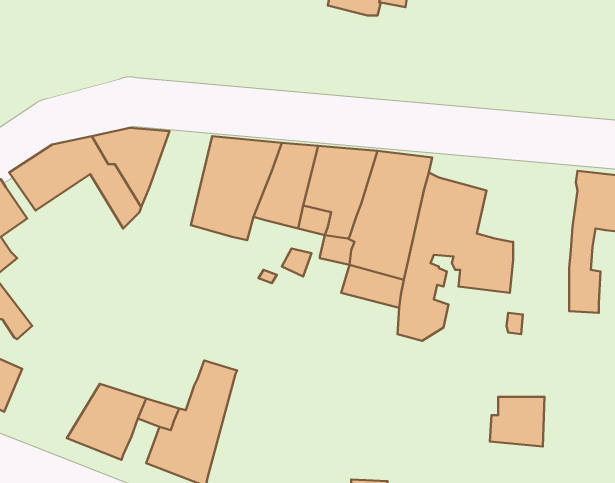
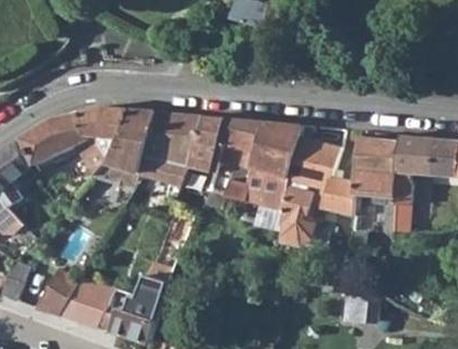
building: none -> [92,108,155,189]
building: none -> [355,137,399,229]
building: none -> [34,268,80,314]

